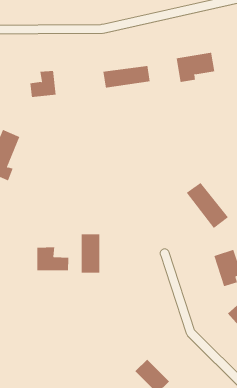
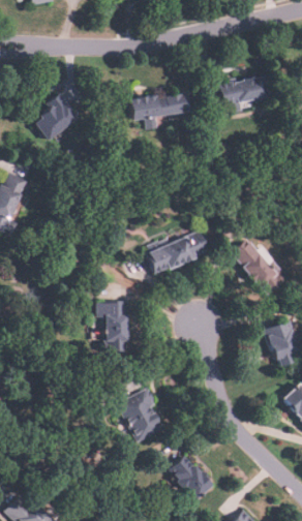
building: none -> [146,229,207,272]
building: [37,247,69,271] -> none
building: none -> [117,389,164,441]

